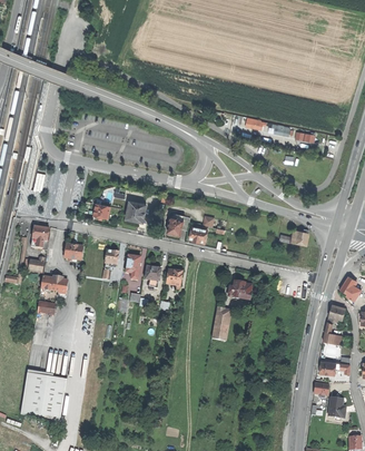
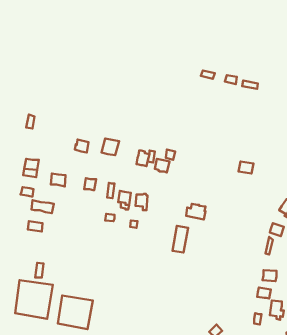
building: none -> [58,296,93,329]

